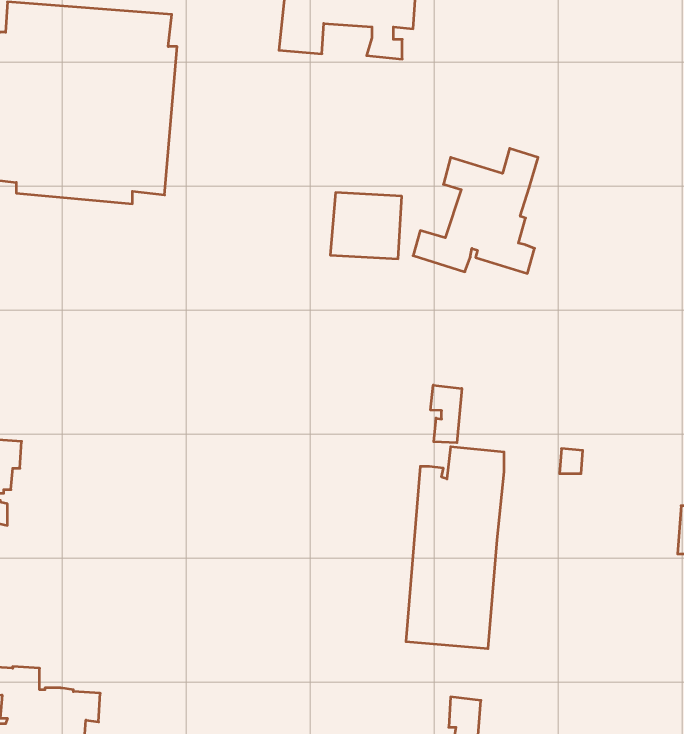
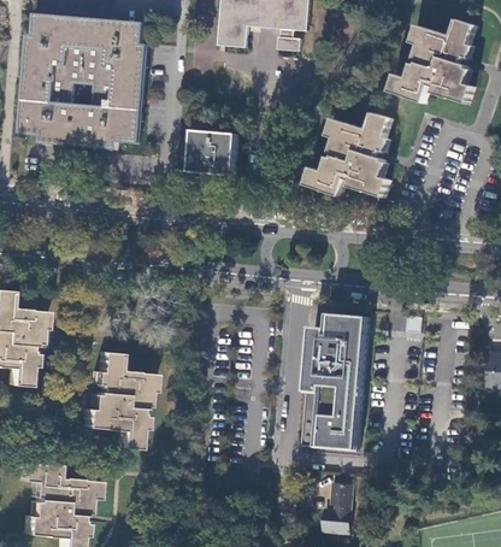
building: none -> [389,18,475,102]
building: [330,193,402,259] -> [188,130,236,175]
building: [431,385,462,443] -> none
building: none -> [79,351,152,448]

